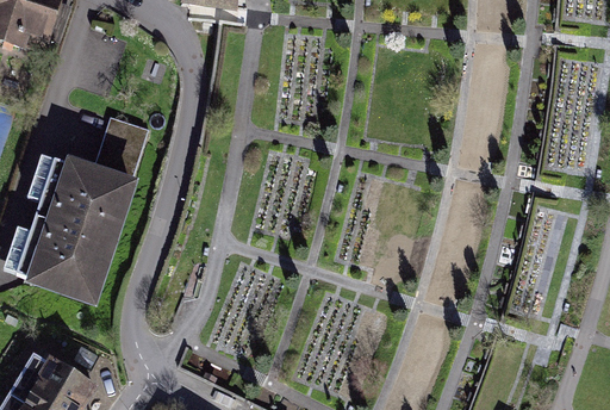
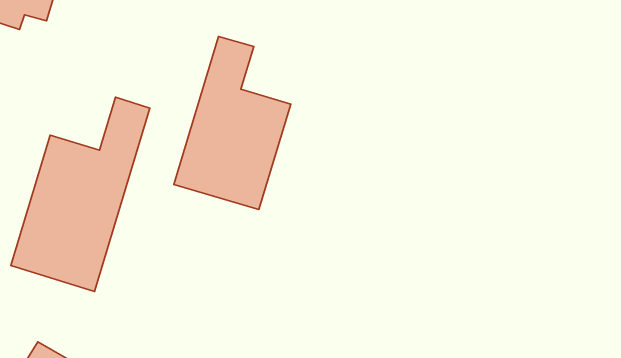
building: none -> [174,36,291,210]

